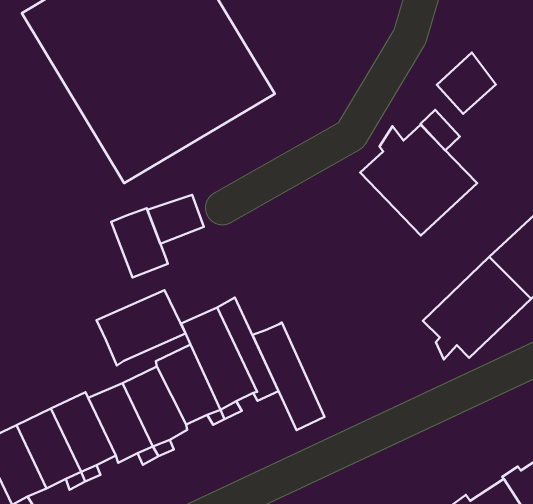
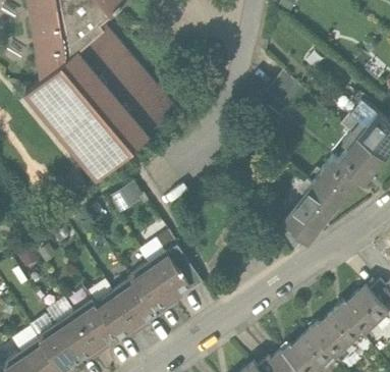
building: [360,125,477,236] -> none
building: [111,208,168,277] -> none
building: [97,290,186,365] -> none
building: [253,323,325,430] -> none

